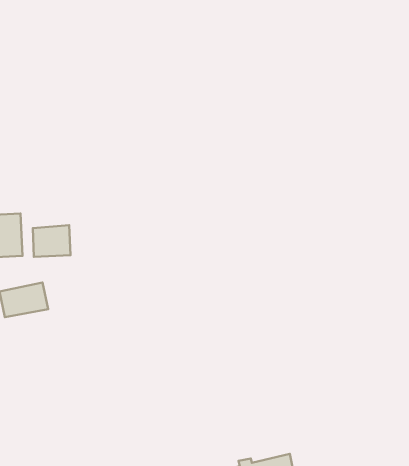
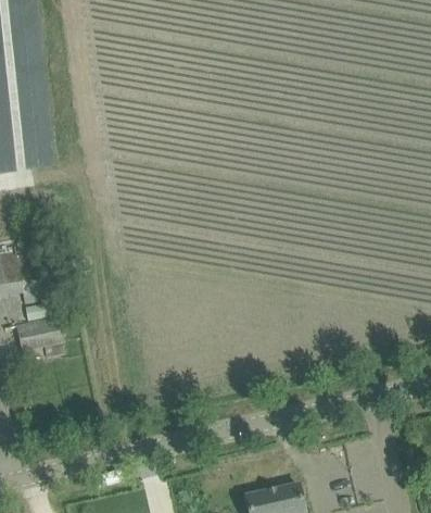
building: [33,225,71,257] -> none

